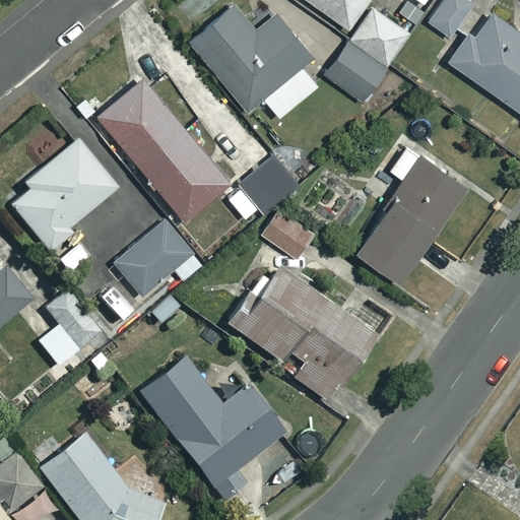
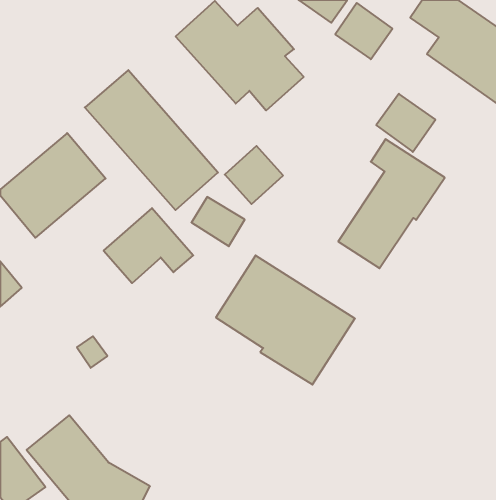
building: [327,42,388,102] -> [376,94,435,152]
building: [264,209,319,260] -> [191,197,245,246]
building: [41,294,101,367] -> none
building: [137,360,281,503] -> none

